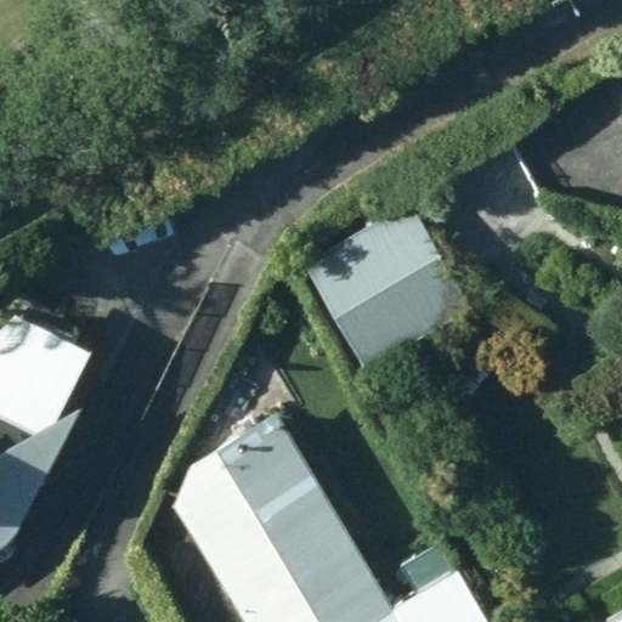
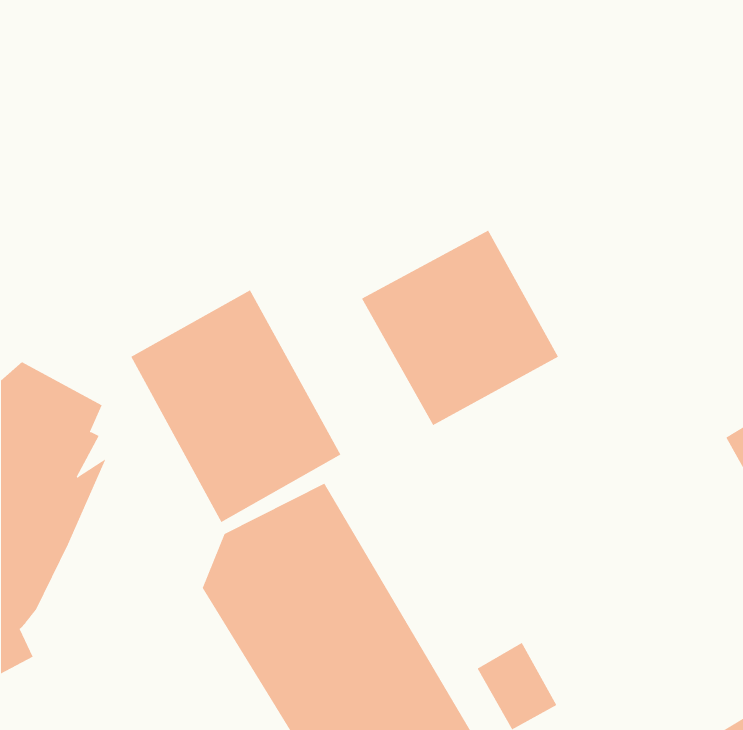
building: none -> [131,290,341,523]

